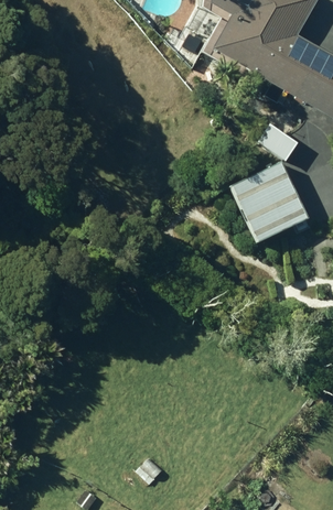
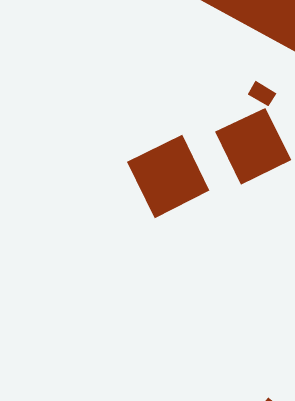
building: none -> [126,134,210,219]

